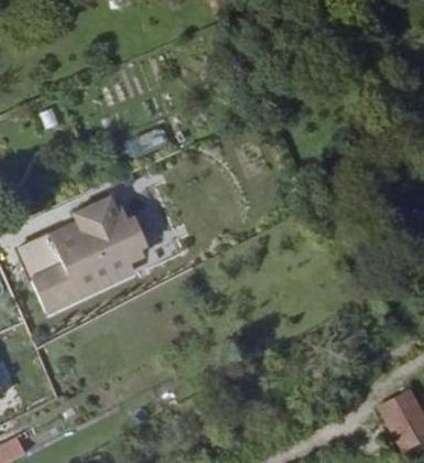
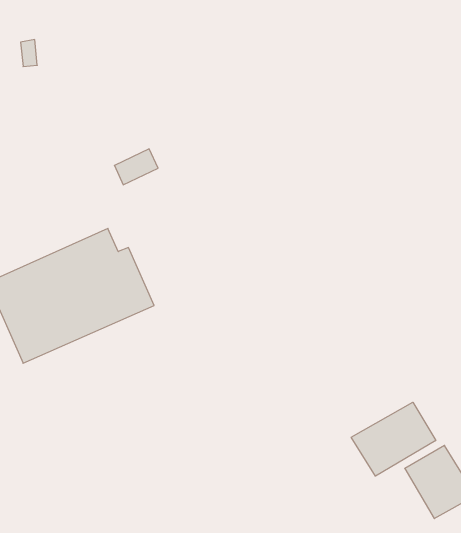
building: none -> [351,402,436,476]

